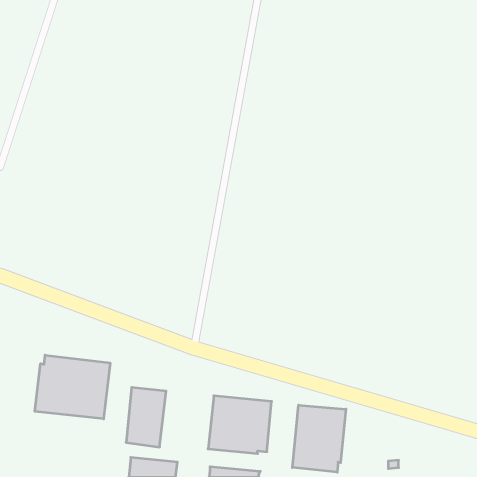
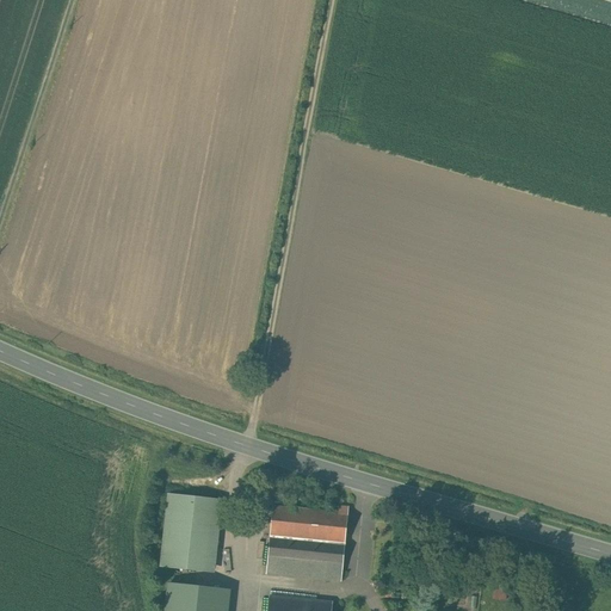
building: [35,355,110,419] -> none
building: [292,405,346,472] -> none

